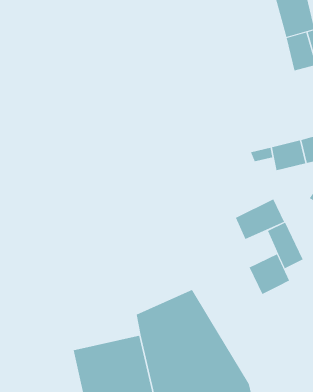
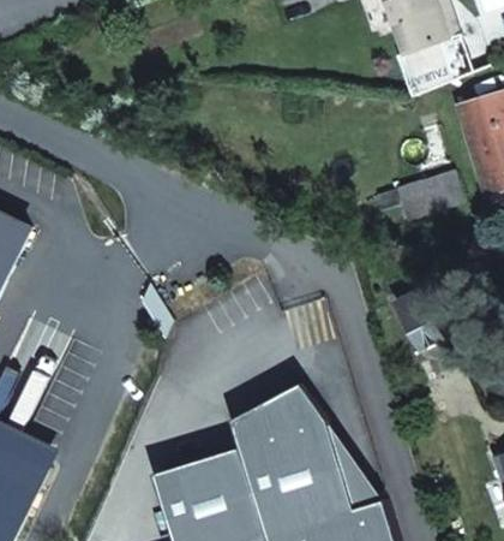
building: [235,198,285,240] -> none
building: [249,254,290,295] -> none

